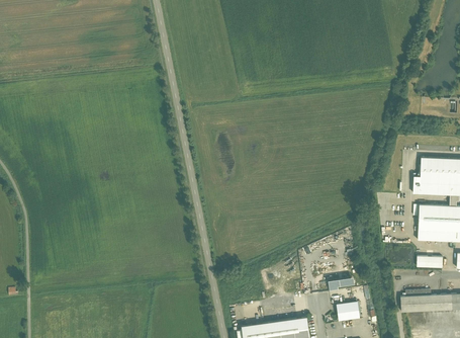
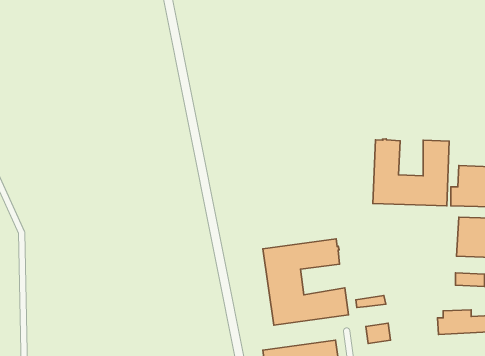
building: none -> [373,139,449,206]
building: none -> [263,239,348,325]

